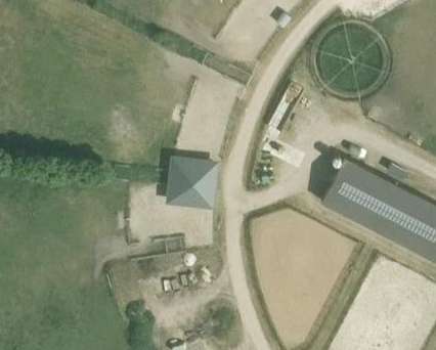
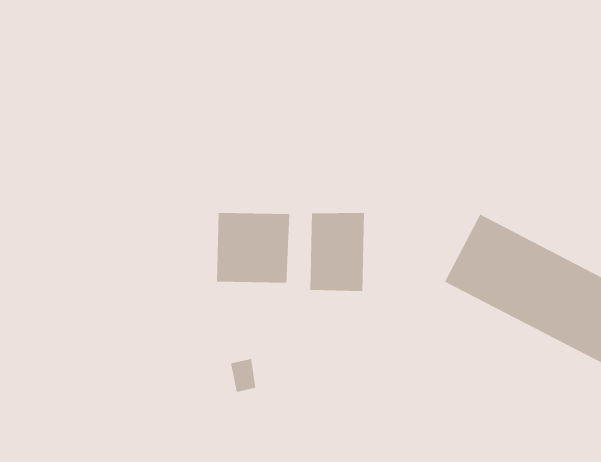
building: none -> [310,212,365,292]

